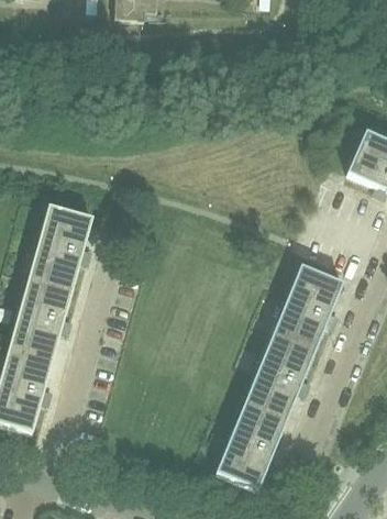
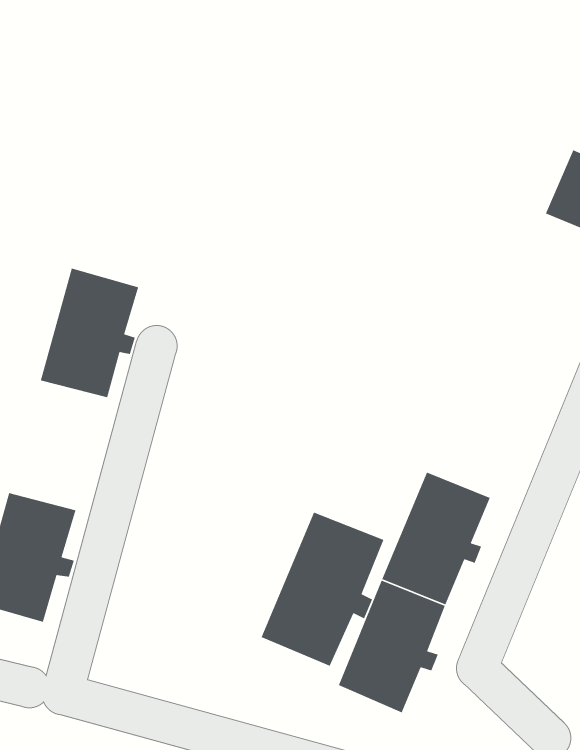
building: [273,267,341,353] -> none
building: [9,279,71,361] -> none
building: none -> [260,511,385,667]

